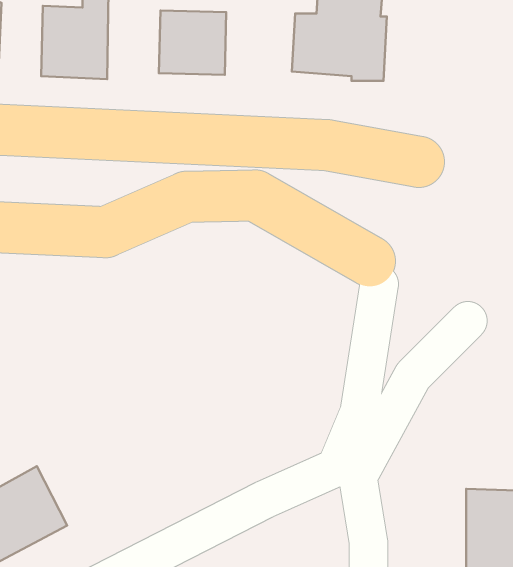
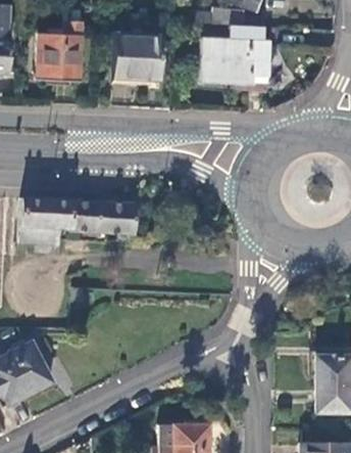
building: none -> [21,195,143,251]

